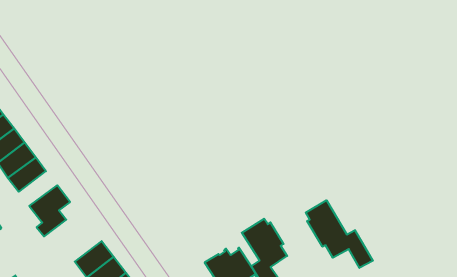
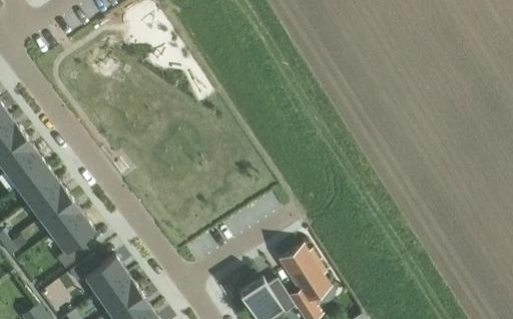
building: none -> [39,195,80,232]
building: [306,200,373,268] -> none
building: none -> [71,250,128,292]

